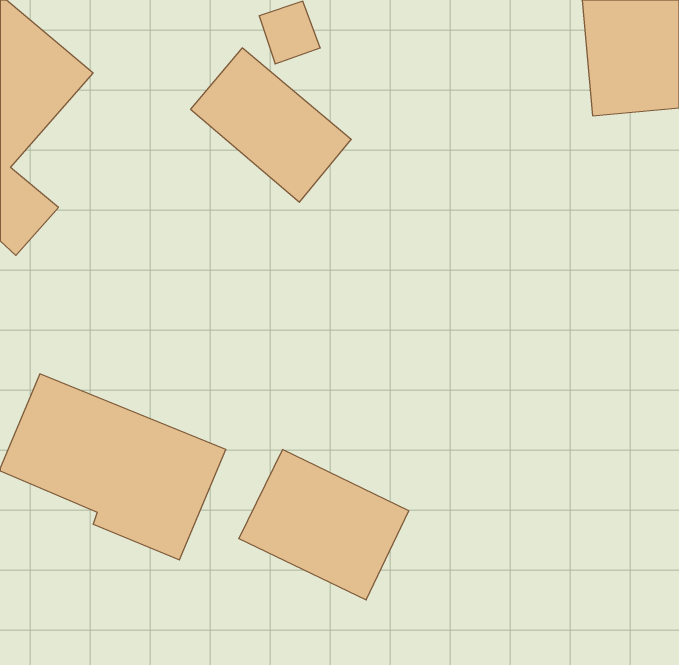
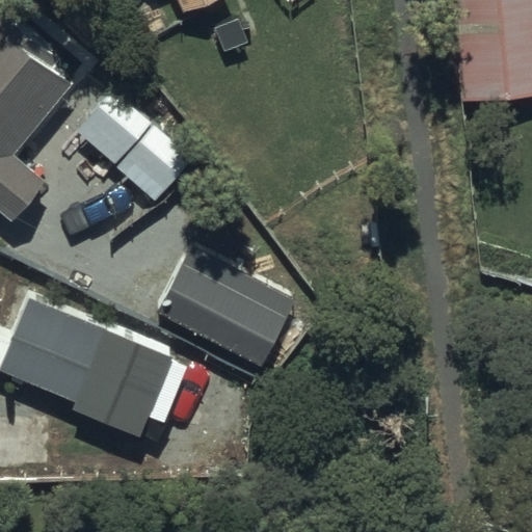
building: [191,48,351,202] -> [74,80,200,201]
building: [239,450,409,600] -> [160,246,293,364]

